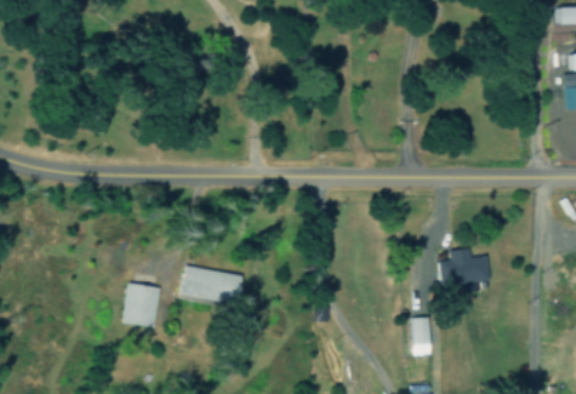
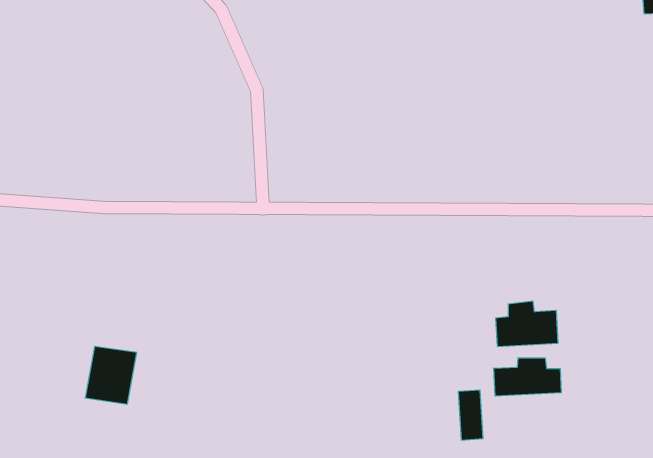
building: [181,265,243,306] -> none
building: none -> [494,358,561,396]

